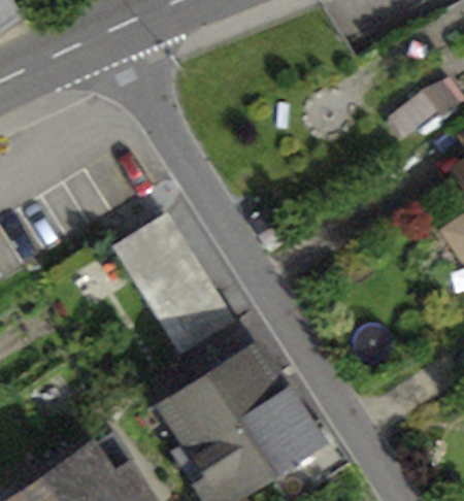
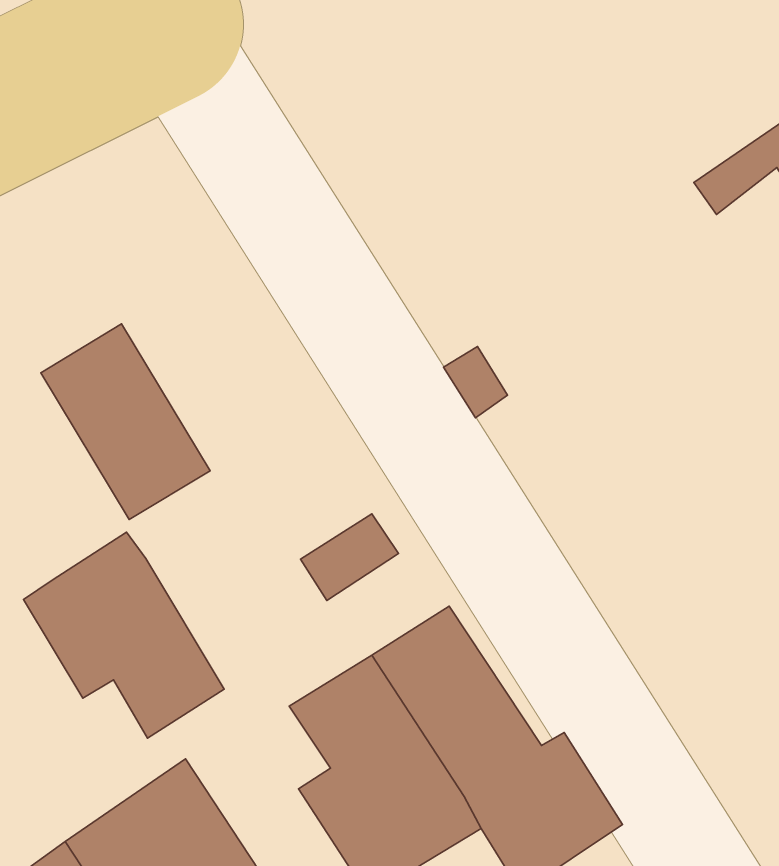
building: [112,218,205,325] -> [41,324,210,520]
building: none -> [23,532,224,738]

